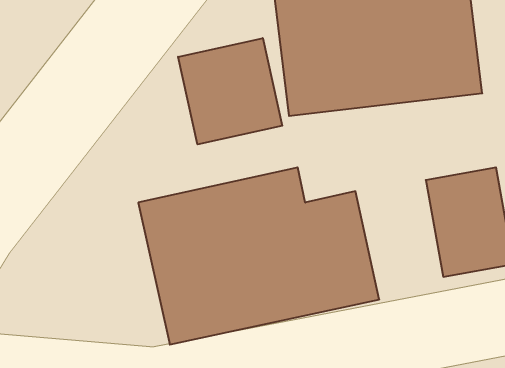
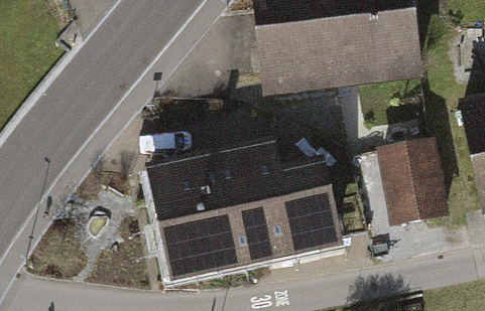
building: [178,38,282,144] -> none

